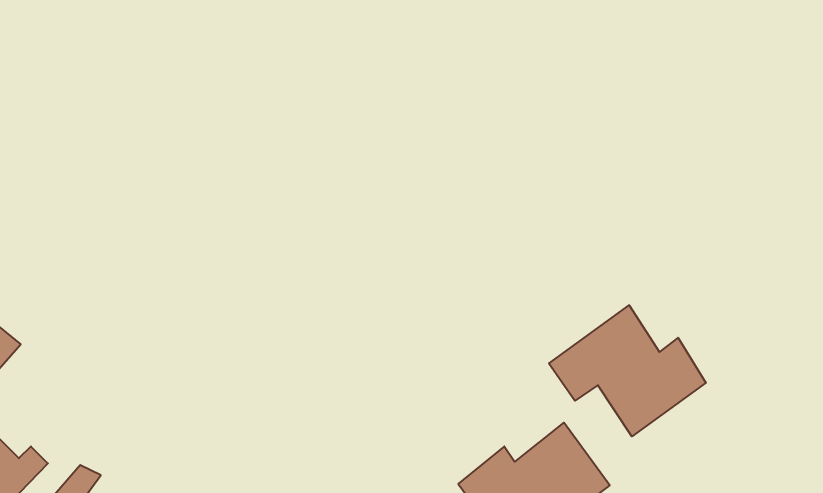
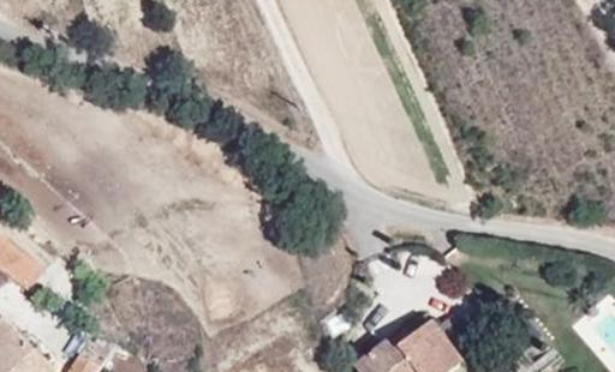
building: [549,305,706,436] -> none

